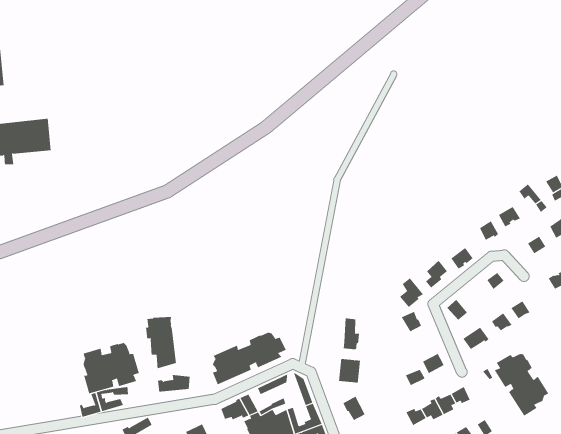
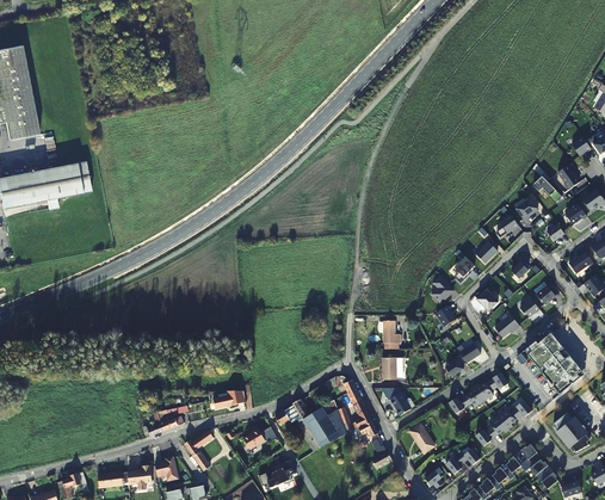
building: [146,316,176,369] -> none
building: [212,332,286,385] -> none
building: [83,342,140,394] -> none

